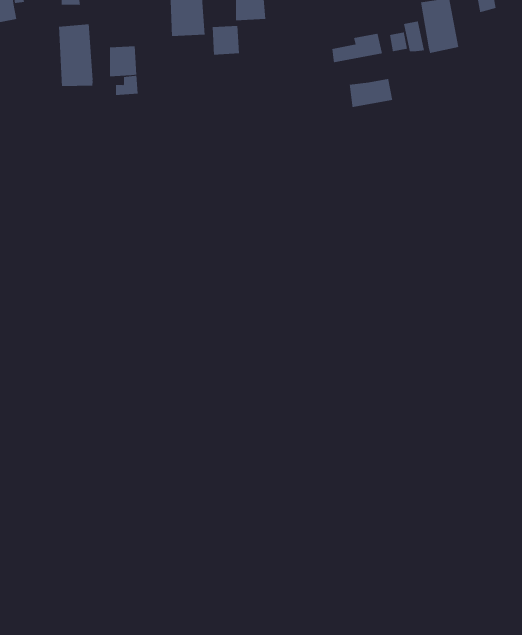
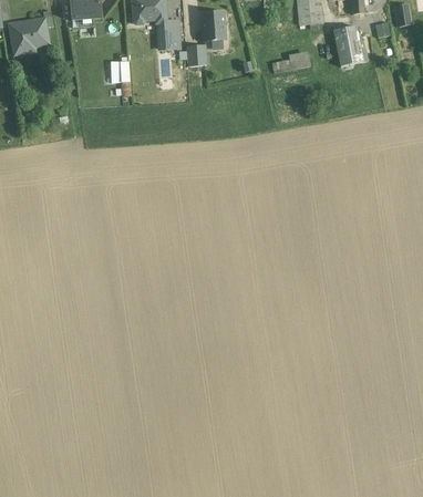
building: [58,24,93,87] -> none
building: [349,78,393,108] -> none

